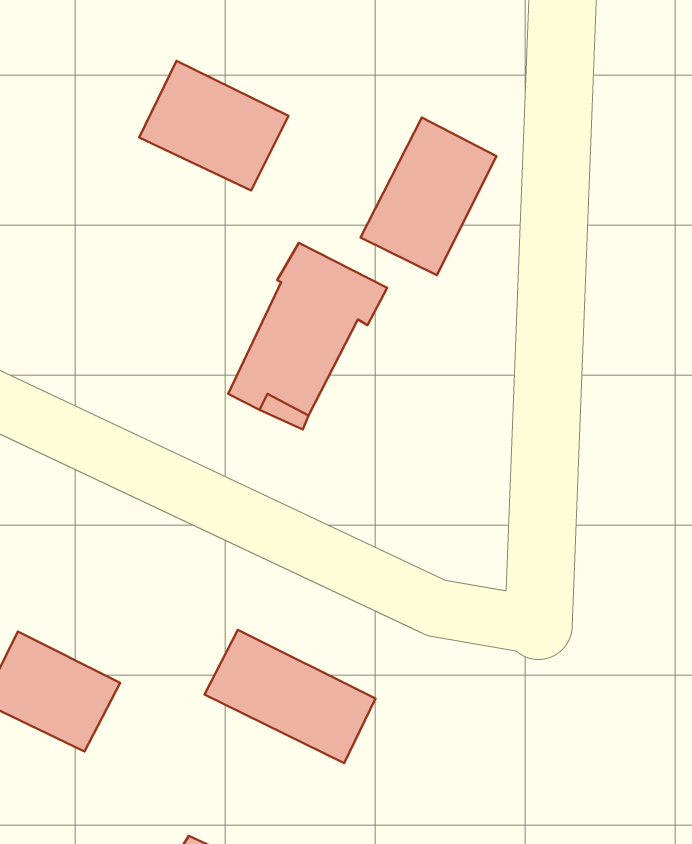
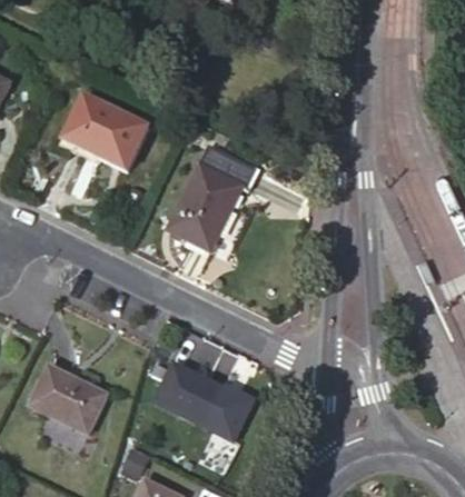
building: [139,61,288,191] -> [63,96,148,169]
building: [361,117,497,275] -> none

